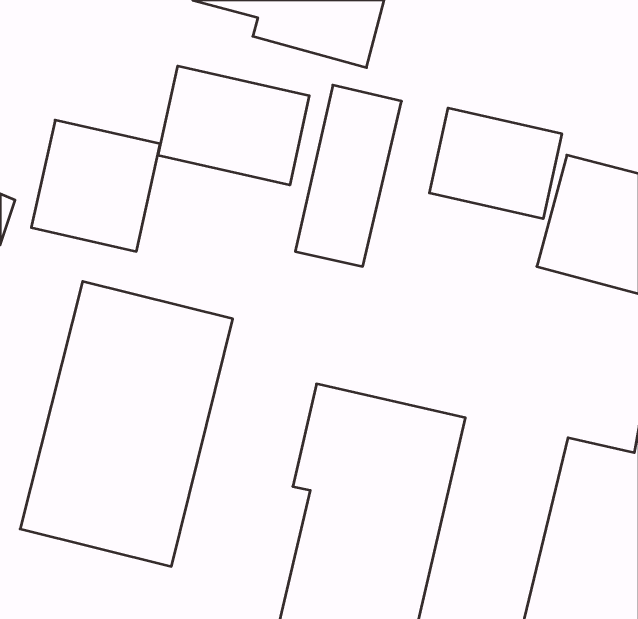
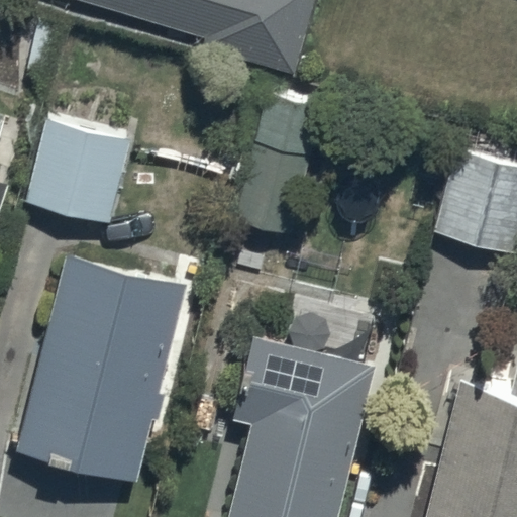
building: [158,66,309,185] -> none
building: [429,108,562,219] -> none

